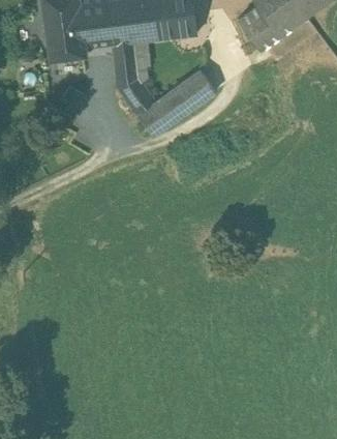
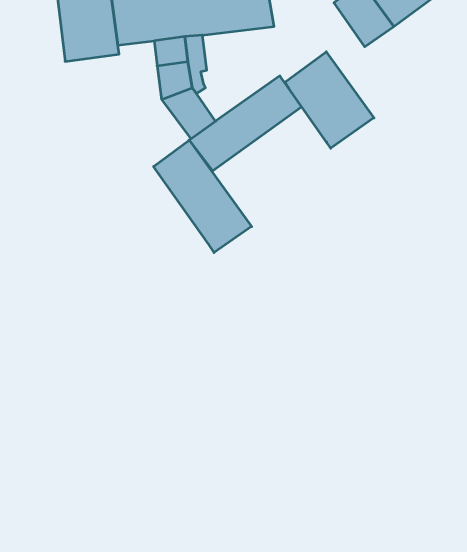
building: none -> [285,52,374,148]
building: none -> [154,140,252,253]

